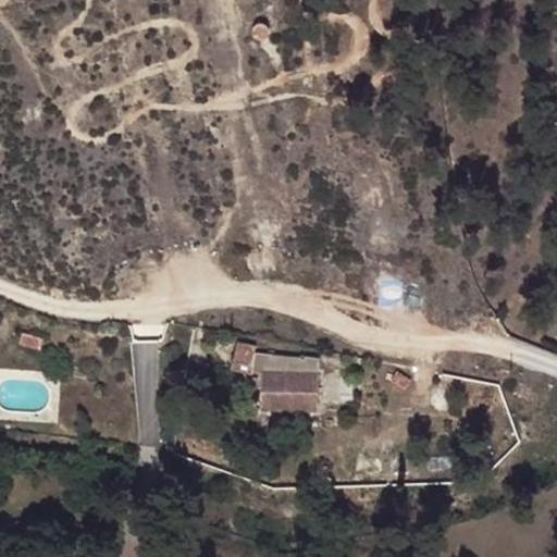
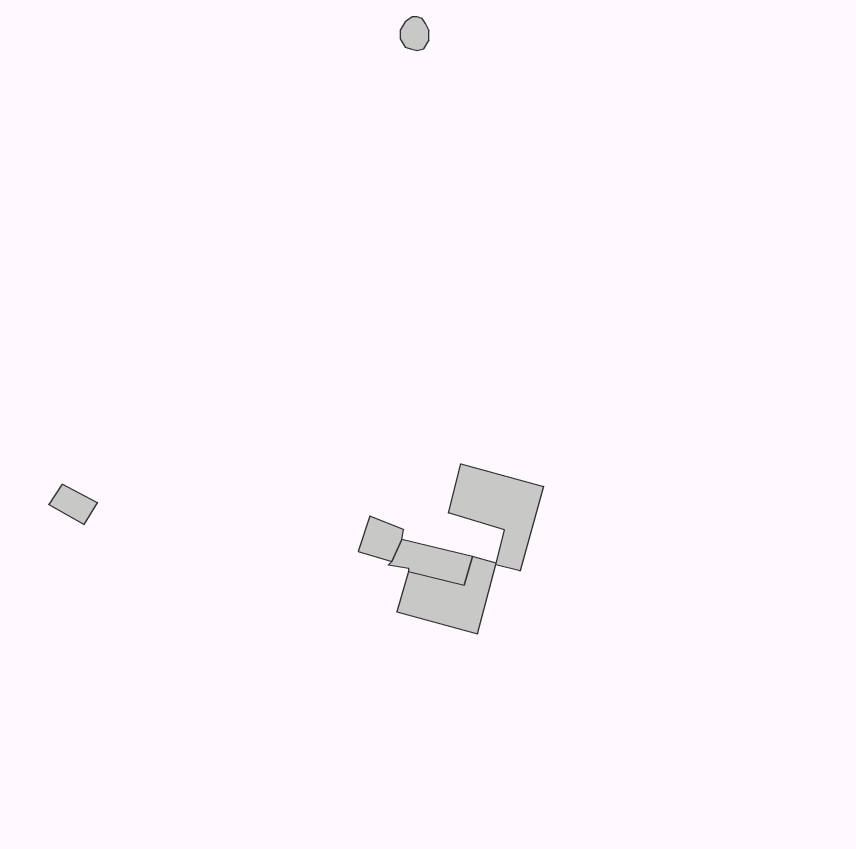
building: none -> [448,464,544,571]

